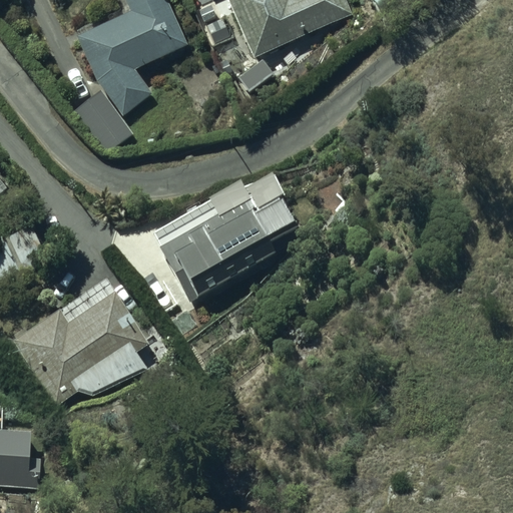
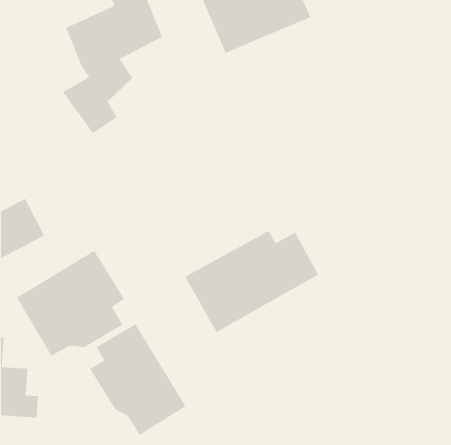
building: [151,181,305,299] -> [184,230,319,333]
building: none -> [89,323,186,436]

